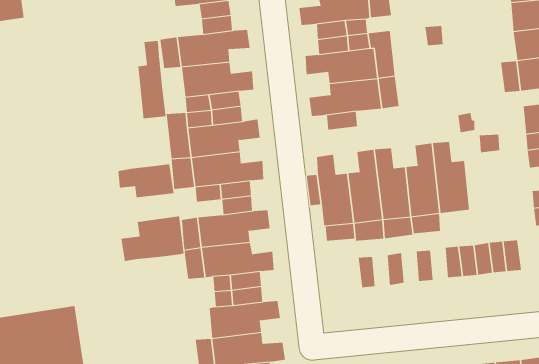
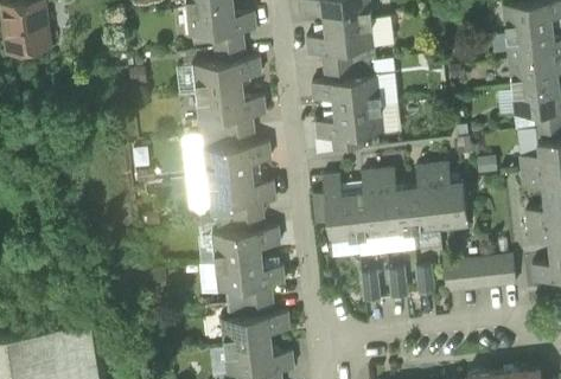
building: [138,40,166,119] -> none
building: [118,163,174,198] -> none
building: [121,215,184,262] -> none

